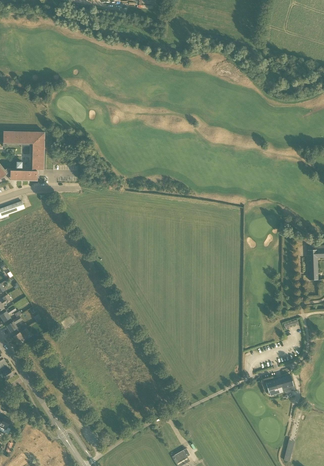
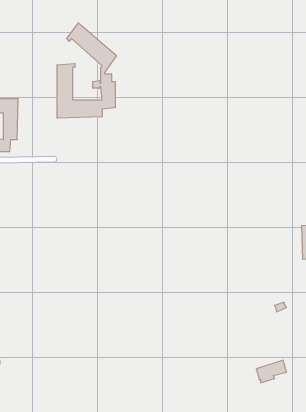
building: none -> [57,23,116,118]

